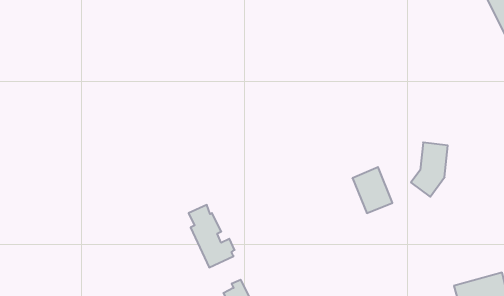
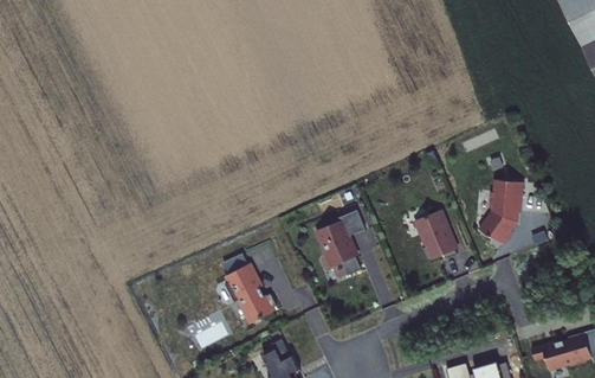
building: none -> [312,210,364,280]

